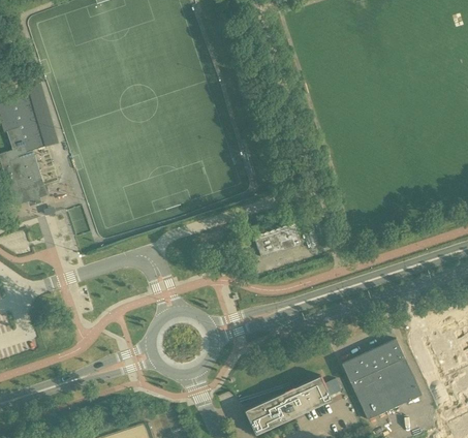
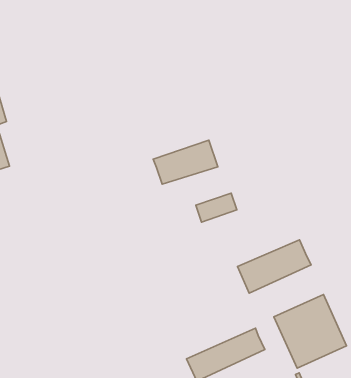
building: none -> [153,140,218,184]
building: none -> [237,240,311,293]

